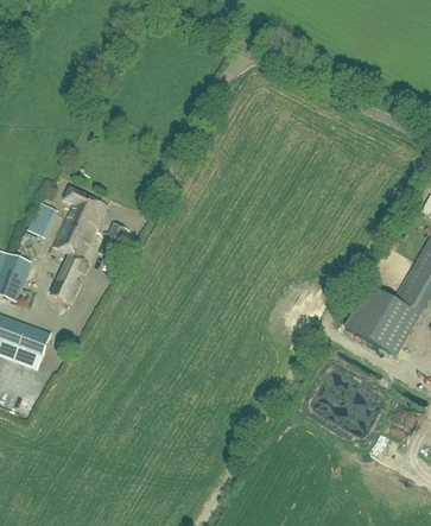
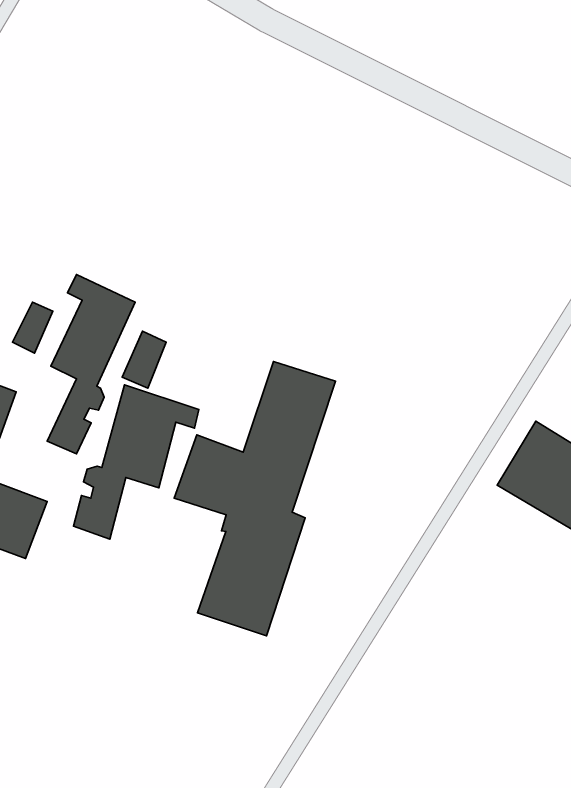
building: none -> [174,361,335,636]
building: none -> [73,385,199,539]

